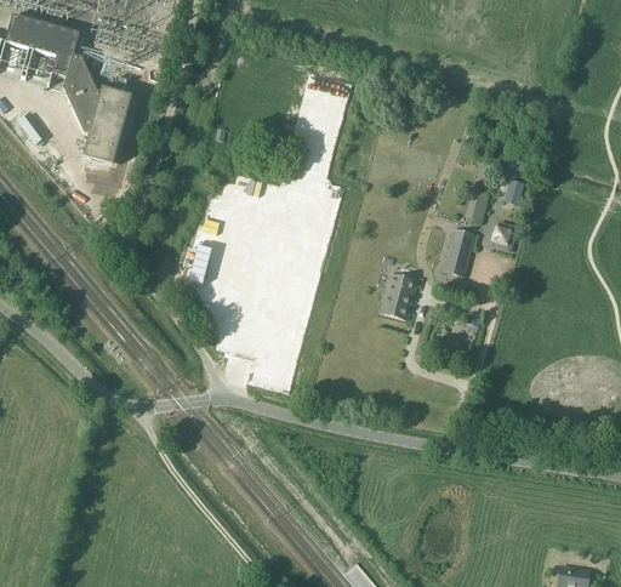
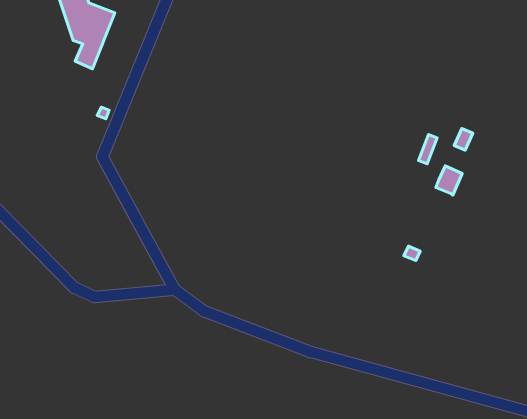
building: [444,229,475,275] -> none
building: [381,274,417,319] -> none

